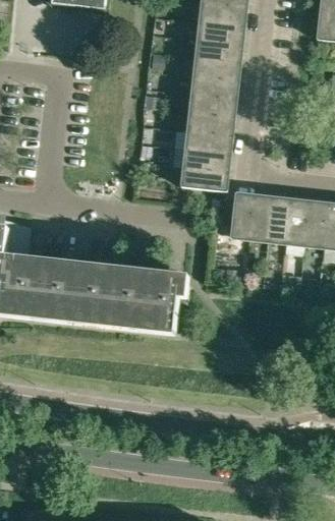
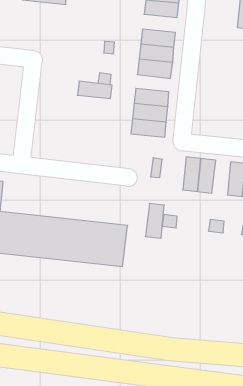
building: [199,19,241,42] -> none
building: [190,94,233,115] -> [77,81,112,98]
building: [182,167,226,189] -> none
building: [229,193,253,236] -> [145,203,164,238]
building: [284,199,308,242] -> none

